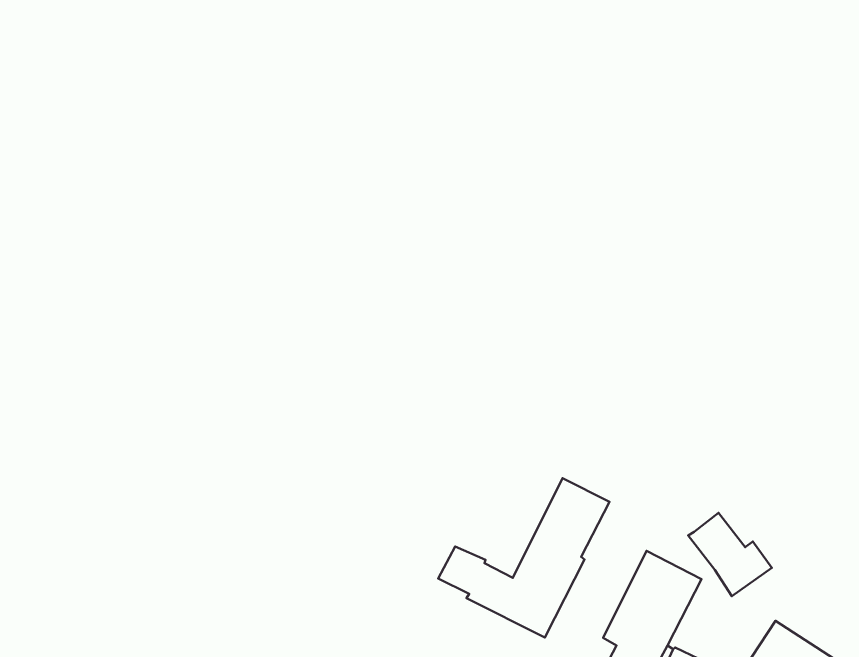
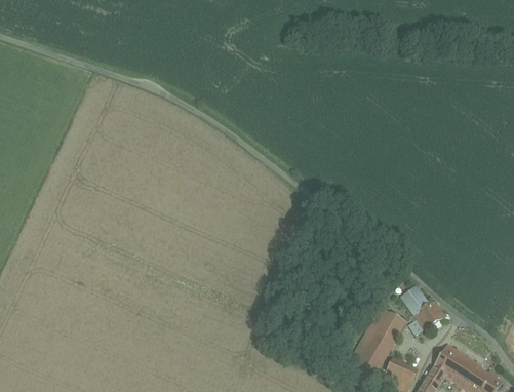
building: [438,478,610,637] -> none

